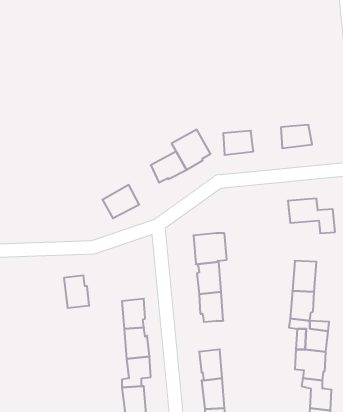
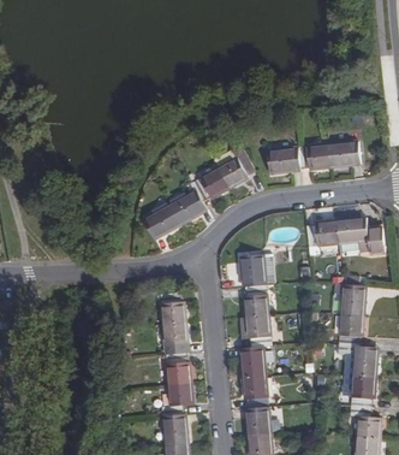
building: none -> [297,144,329,169]
building: none -> [169,184,201,225]
building: none -> [305,221,338,248]
building: [64,276,89,308] -> [159,292,185,326]
building: none -> [240,347,264,379]

